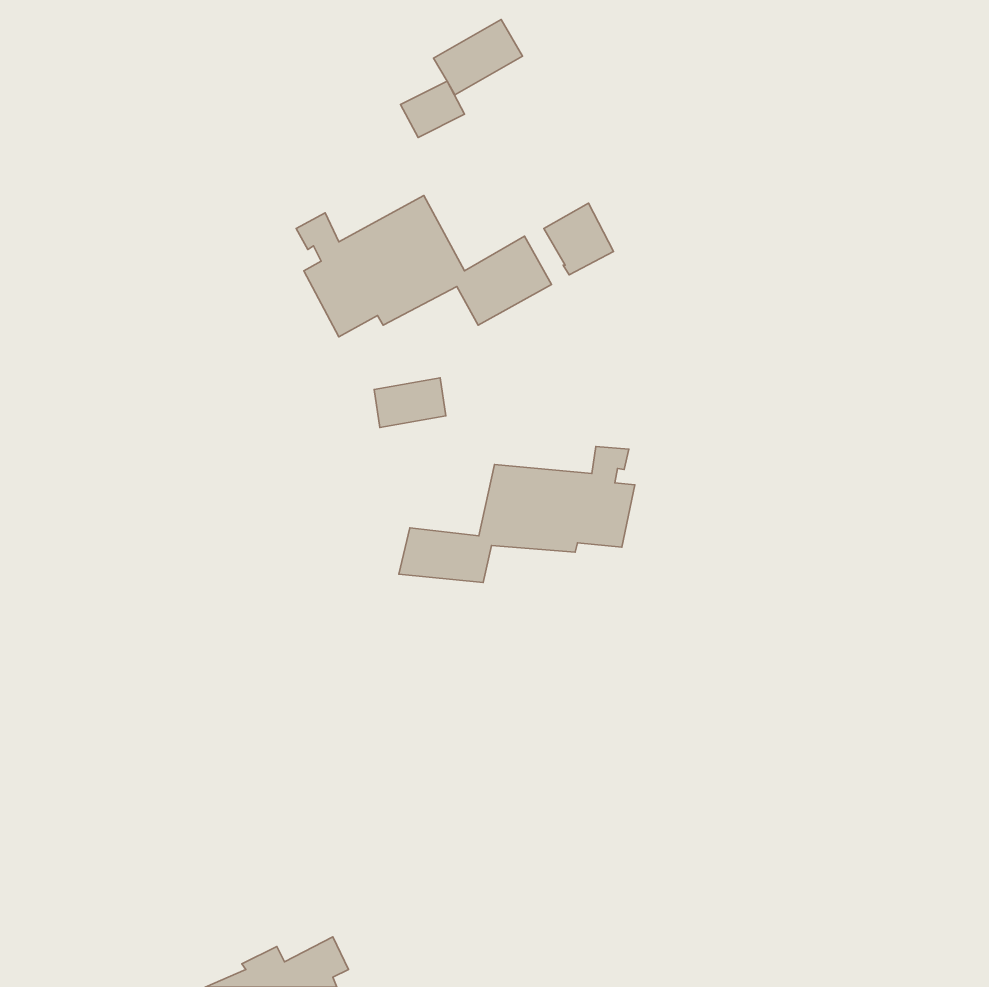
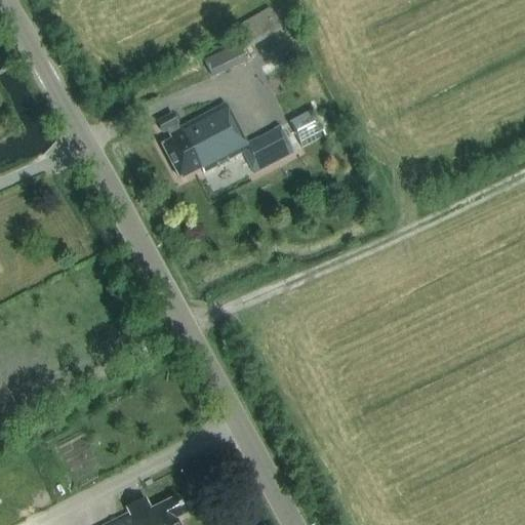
building: [374,378,446,428] -> none
building: [399,446,635,582] -> none

